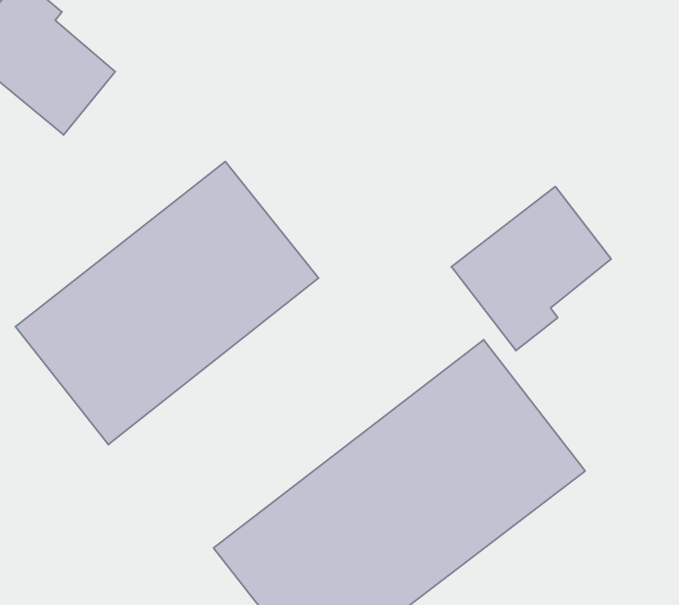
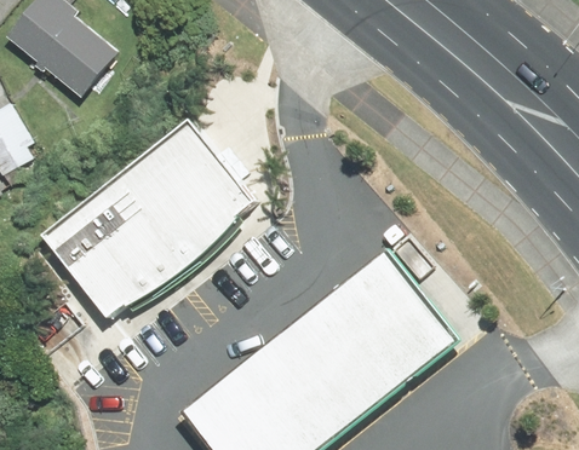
building: [451,187,611,351] -> none

